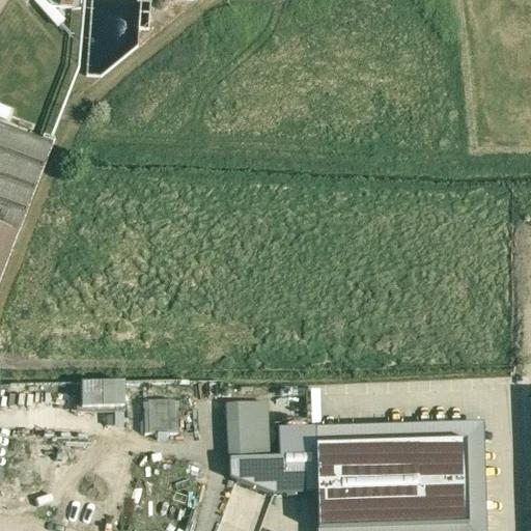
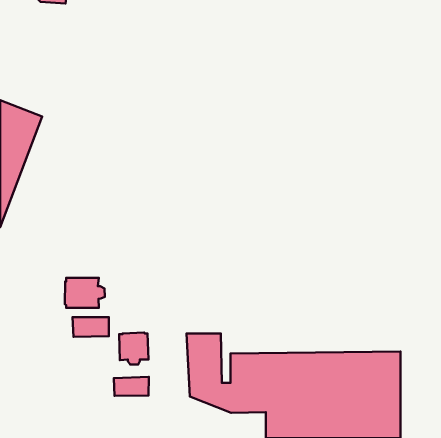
building: none -> [65,278,105,308]
building: none -> [114,377,149,396]

